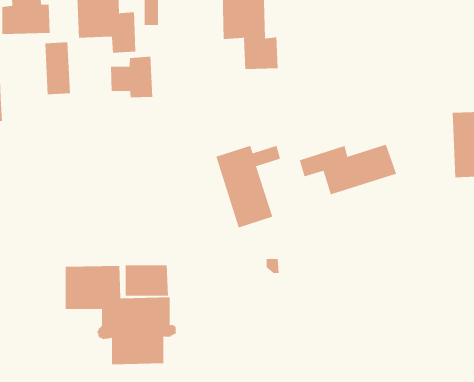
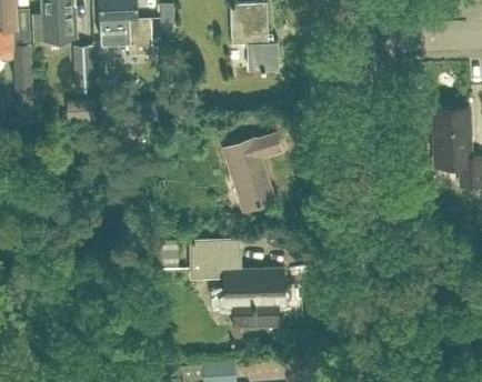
building: [111,56,153,98] -> none
building: [299,144,397,195] -> none
building: [65,265,177,365] -> [191,241,290,329]

